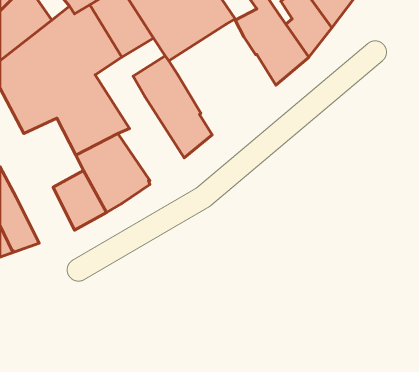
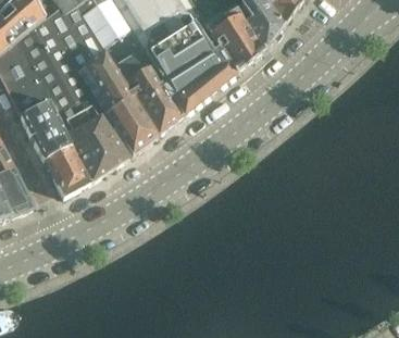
building: none -> [145,23,236,117]
building: none -> [82,51,158,158]
building: none -> [21,103,72,162]

